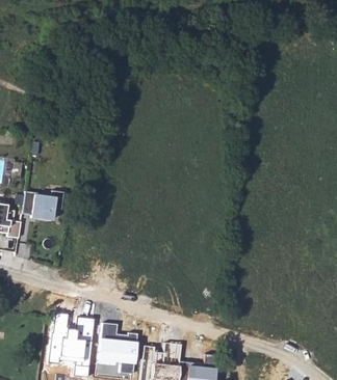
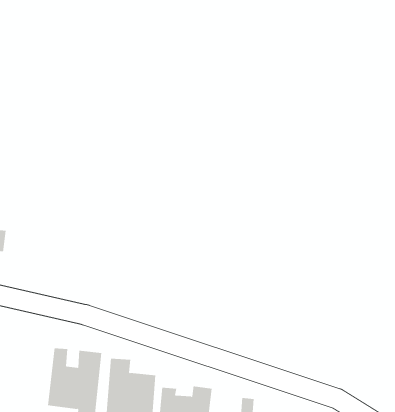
building: [20,189,61,219] -> none

